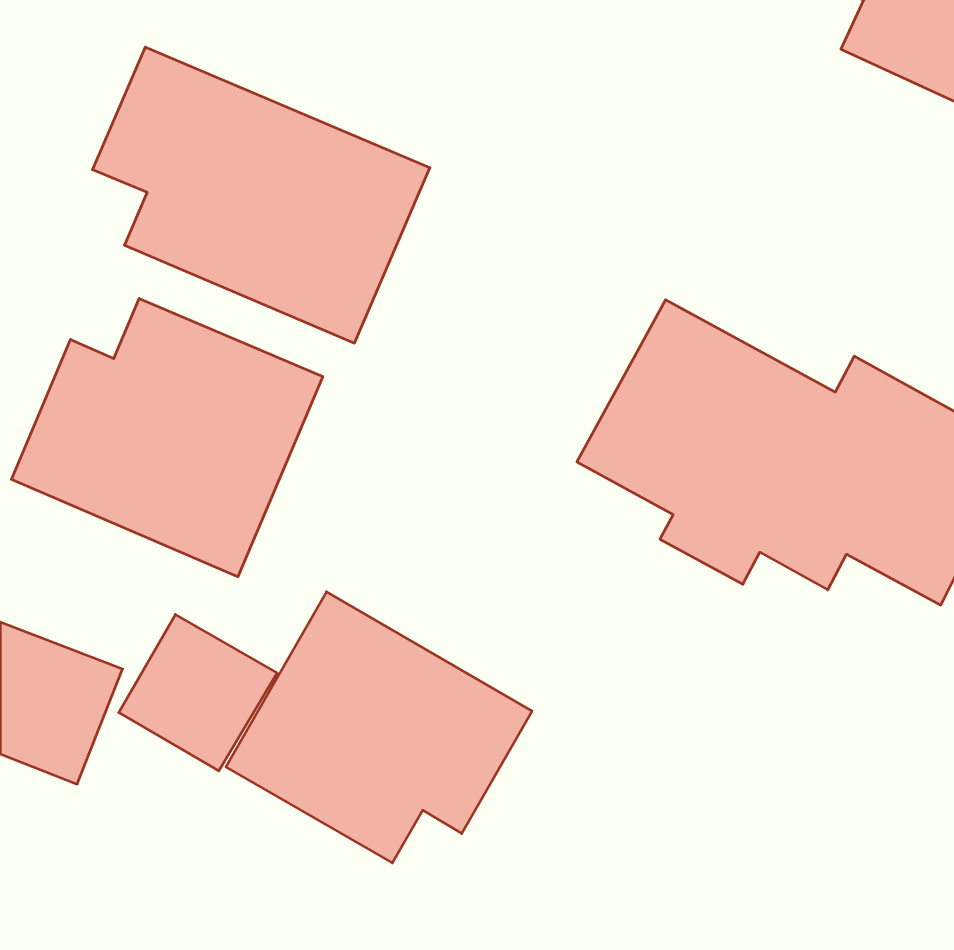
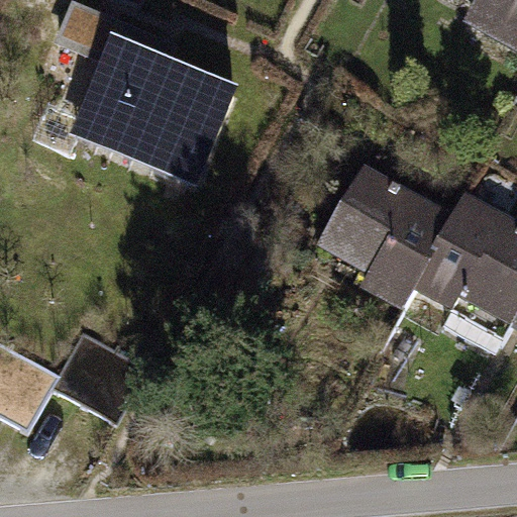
building: [11,298,323,577] -> none
building: [226,592,532,863] -> none

